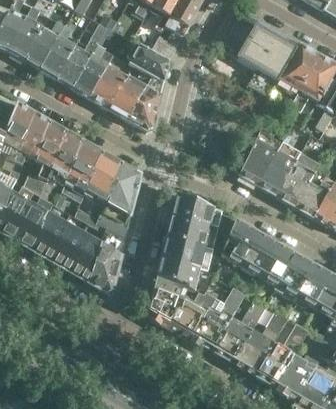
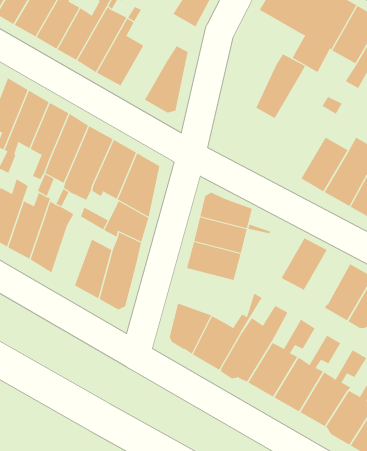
building: [130,43,170,80] -> none
building: [109,75,147,119] -> none
building: [239,130,280,183] -> [255,54,306,119]
building: [222,218,258,264] -> none
building: [53,221,85,270] -> none
building: [258,241,295,285] -> none
building: [158,256,201,289] -> none

